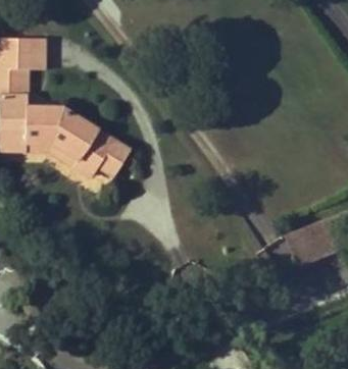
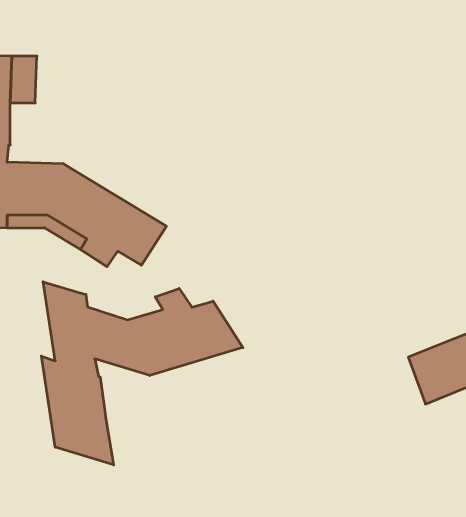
building: none -> [41,282,243,465]

